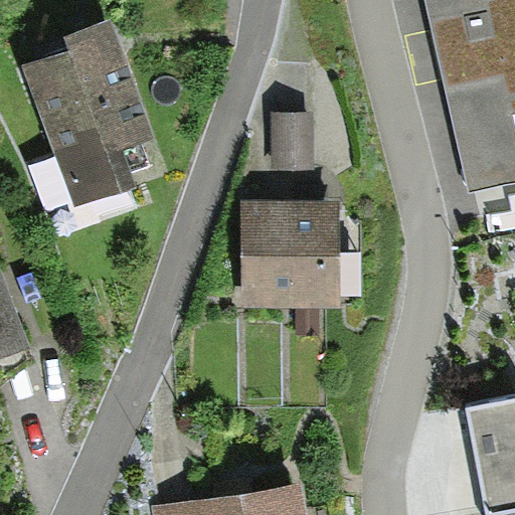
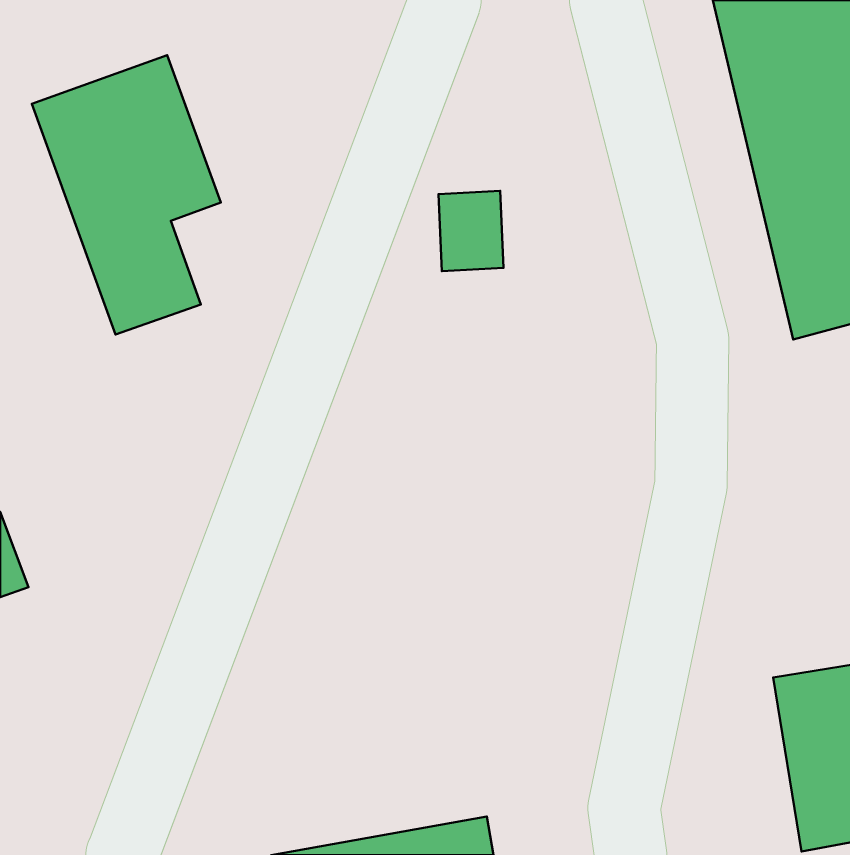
building: [243,202,351,297] -> none

